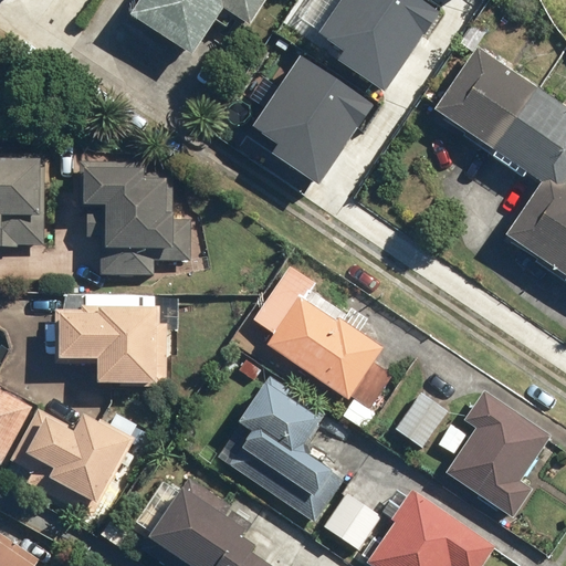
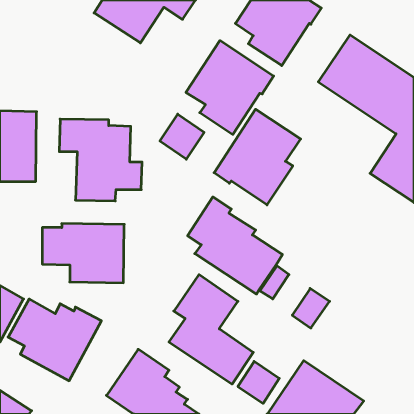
building: none -> [214,109,301,205]
building: none -> [160,114,204,159]
building: [444,391,552,518] -> none

